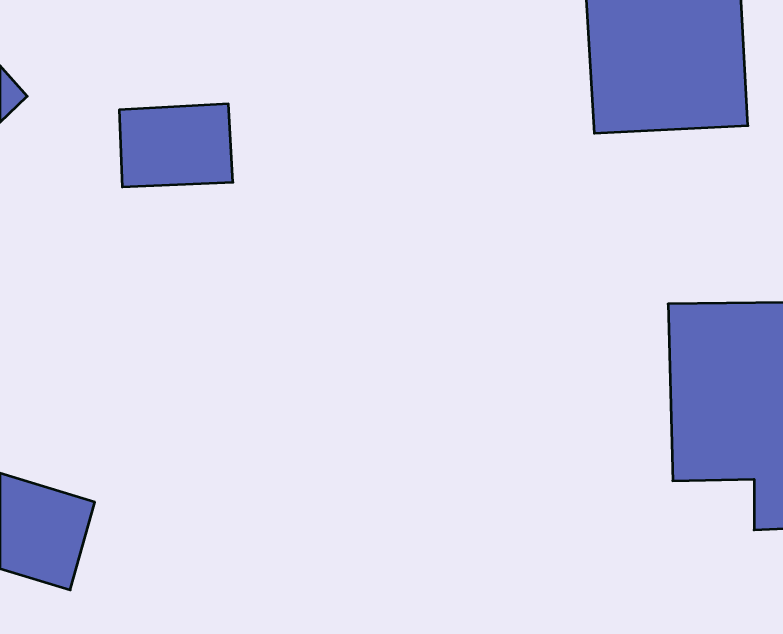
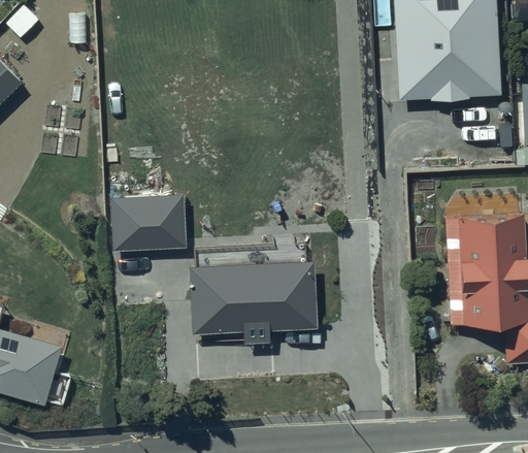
building: [119,104,233,187] -> [111,195,188,251]
building: none -> [190,262,318,334]

